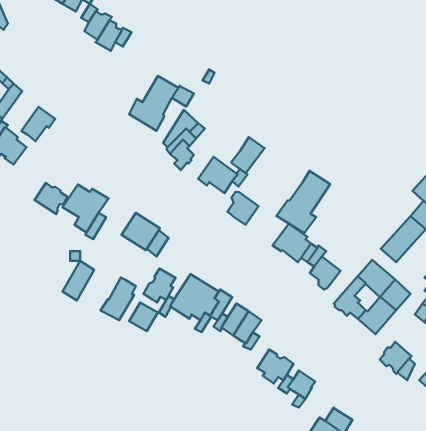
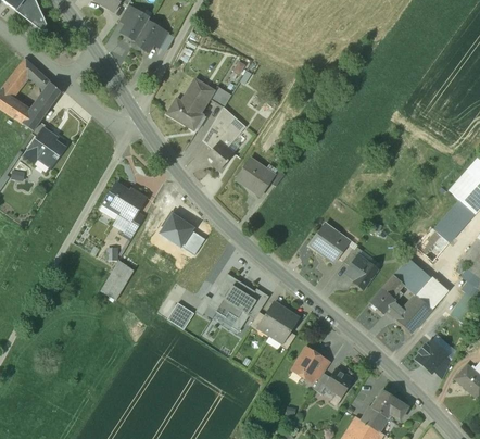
building: [22,107,55,141] -> none
building: [231,137,264,173] -> none
building: [276,171,330,233] -> none
building: [35,183,67,214] -> none
building: [227,192,259,225] -> none
building: [144,268,176,302] -> none
building: [101,277,136,320] -> none
building: none -> [371,390,408,419]

